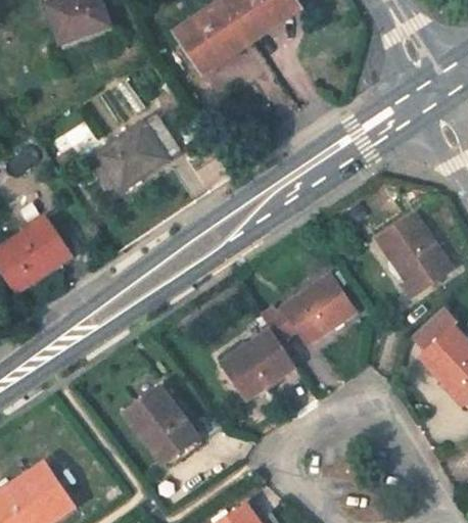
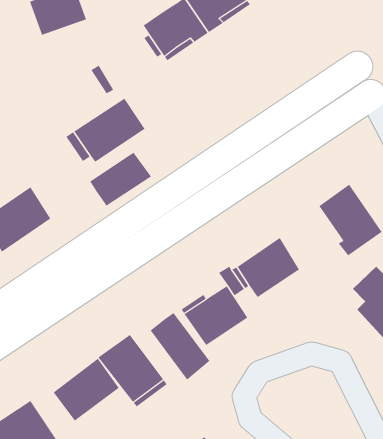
building: none -> [89,152,152,207]
building: none -> [150,312,210,381]
building: none -> [53,358,119,422]

